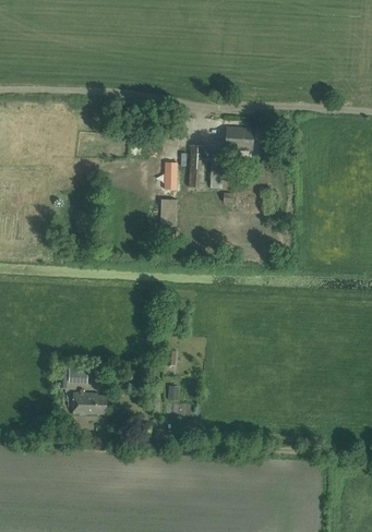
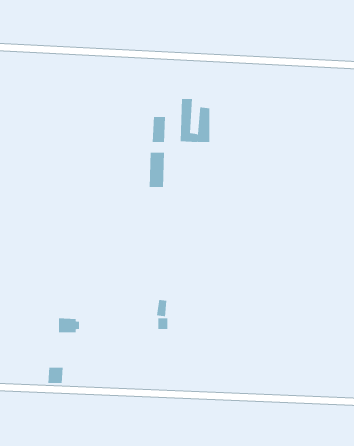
building: [225,126,254,150] -> none
building: [72,391,106,415] -> none

